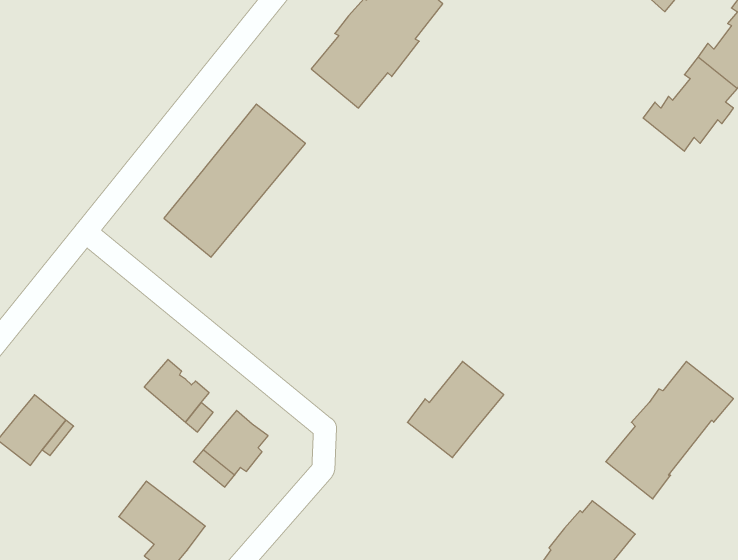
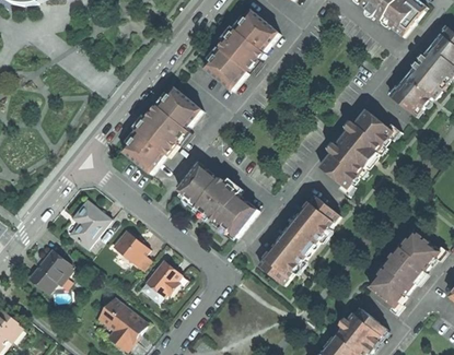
building: none -> [318,109,392,189]
building: none -> [175,161,255,234]
building: none -> [288,194,338,249]
building: none -> [68,200,108,247]

